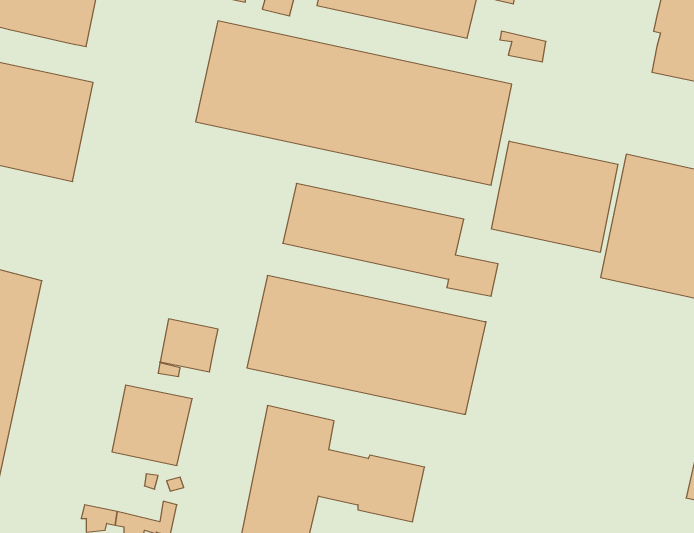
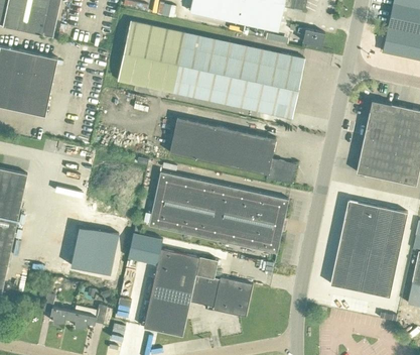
building: [492,141,618,252] -> none
building: [160,319,218,372] -> [128,233,162,264]
building: none -> [329,202,407,300]

